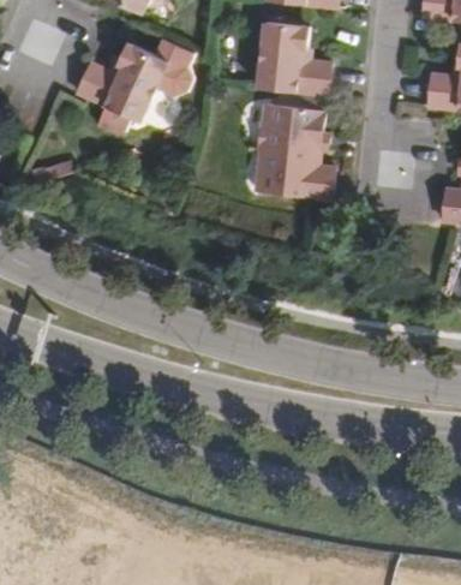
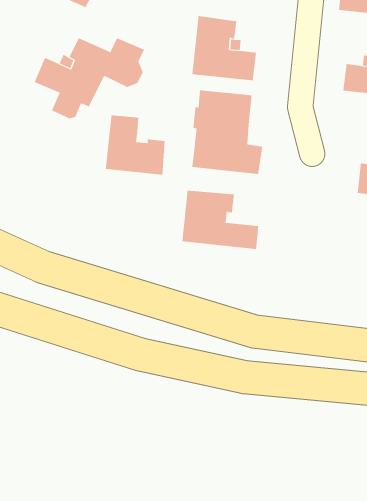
building: none -> [105,114,165,176]
building: none -> [182,190,259,250]

